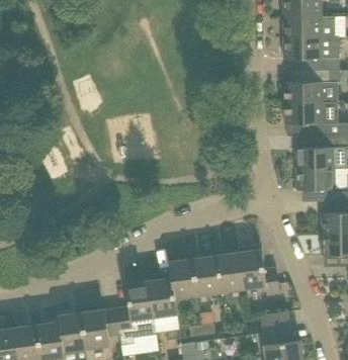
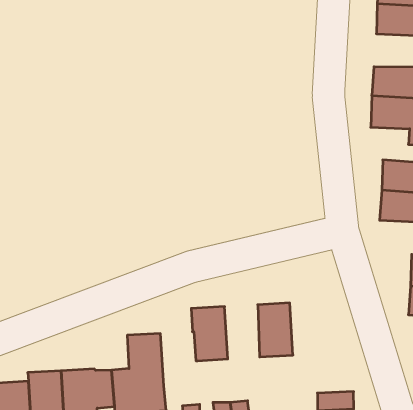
building: [237,250,278,295] -> none
building: [191,256,219,295] -> none
building: [148,278,177,318] -> none

